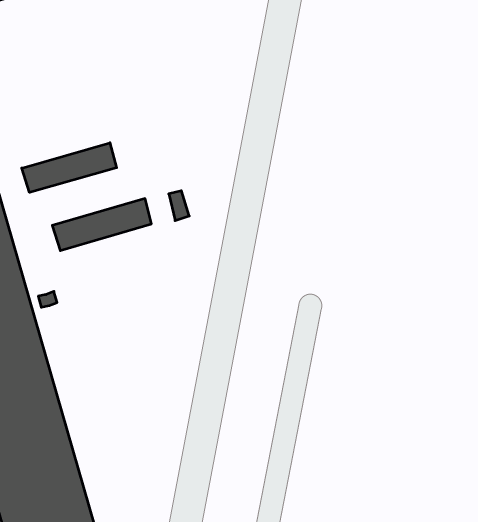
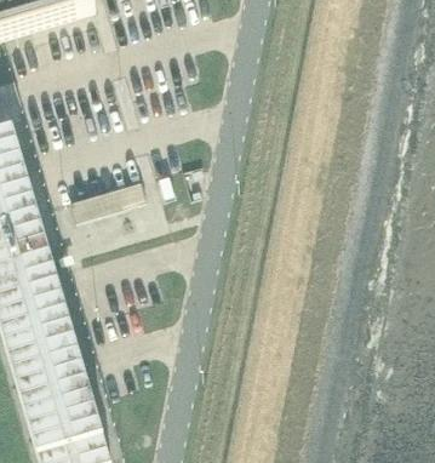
building: [22,143,117,192] -> none

